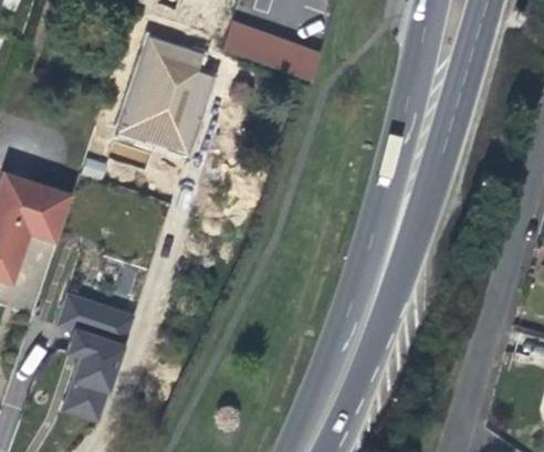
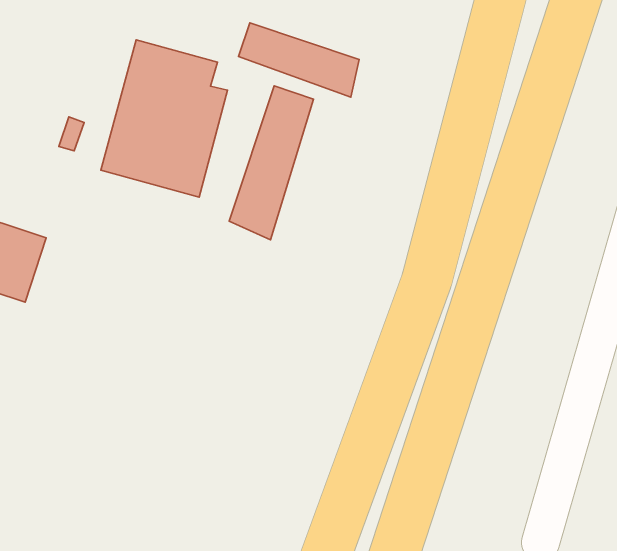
building: none -> [229,86,314,240]
building: [62,295,132,422] -> none

